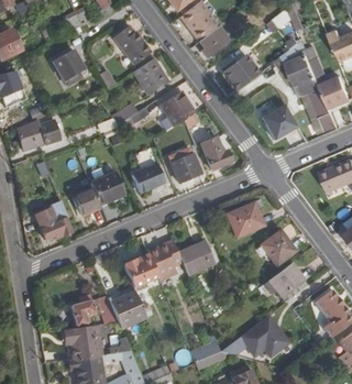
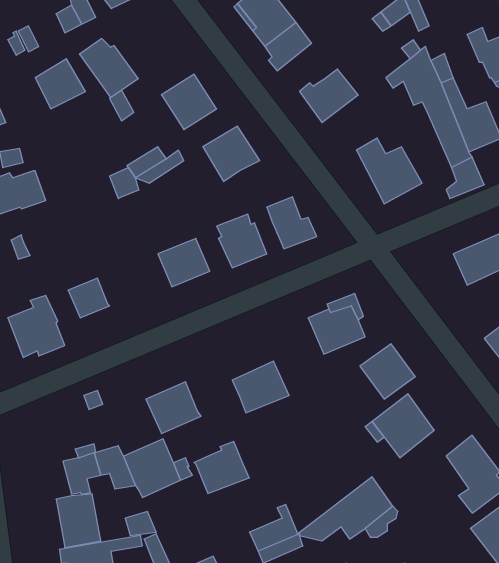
building: [113,26,151,64] -> [79,39,138,97]
building: [90,172,124,205] -> none
building: [147,240,183,273] -> [194,442,249,493]

